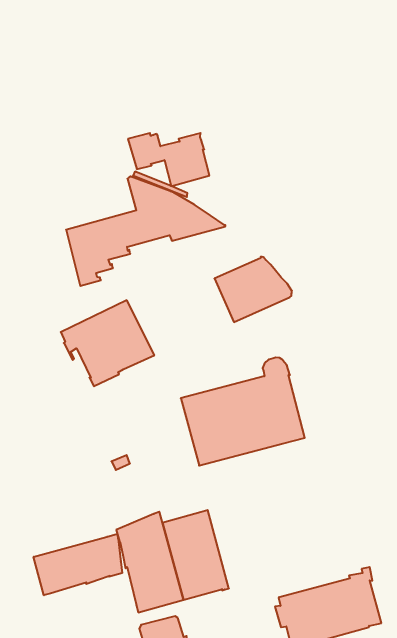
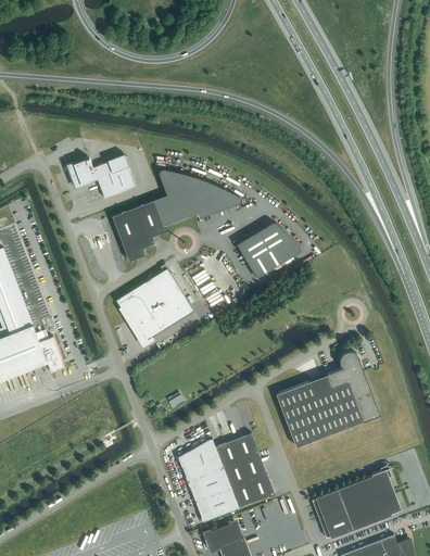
building: [128,133,209,186] -> [66,154,136,200]
building: [181,357,305,466] -> [276,353,380,447]
building: [34,534,122,595] -> none

